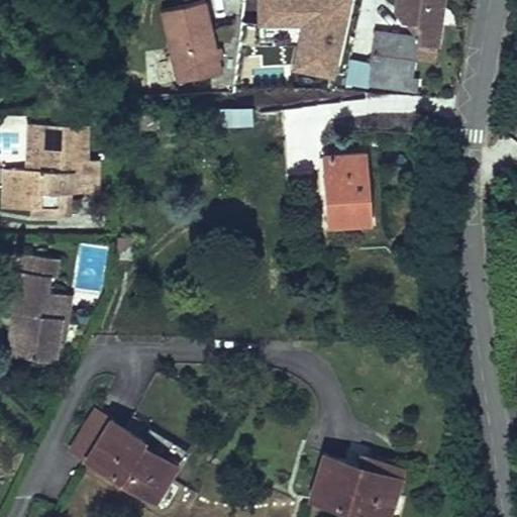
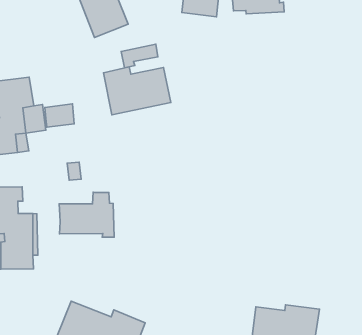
building: none -> [103,67,171,115]
building: [324,153,371,226] -> none
building: none -> [45,104,74,127]
building: none -> [59,192,114,237]

